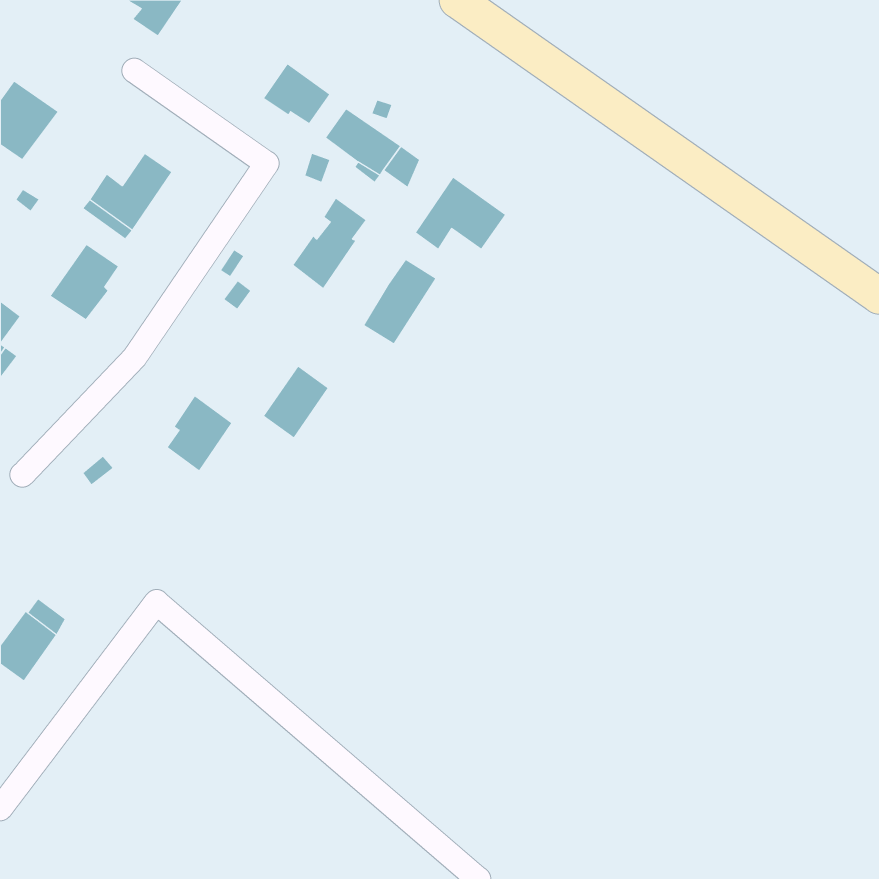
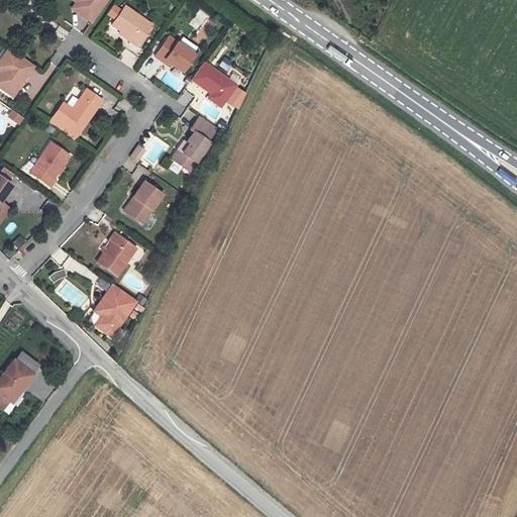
building: none -> [107,4,151,45]
building: [415,177,506,250] -> none
building: [363,259,436,344] -> none
building: [263,366,329,438] -> [124,182,163,224]
building: none -> [95,286,135,336]

